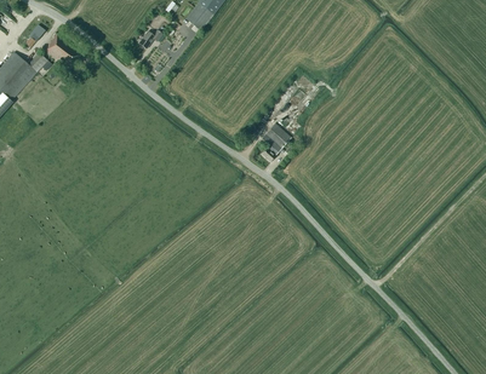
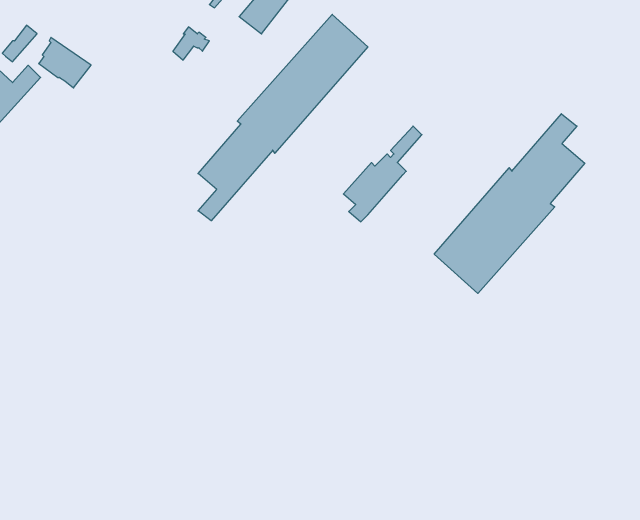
building: none -> [198,14,368,221]
building: none -> [434,114,585,293]

